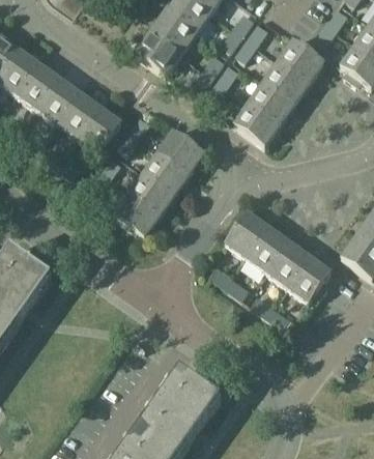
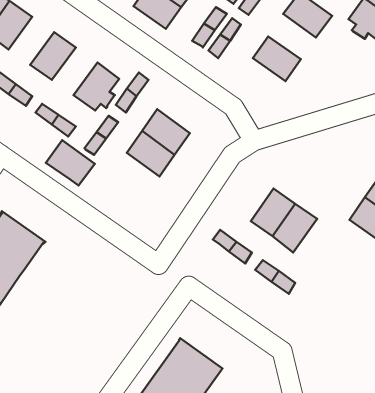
building: [263,58,309,102] -> none
building: [16,61,59,107] -> none
building: [57,90,100,136] -> none
building: [233,101,280,143] -> none
building: [157,128,204,172] -> none
building: [113,191,160,234] -> [46,140,95,186]
building: [225,209,268,256] -> none
building: [287,254,330,299] -> none

